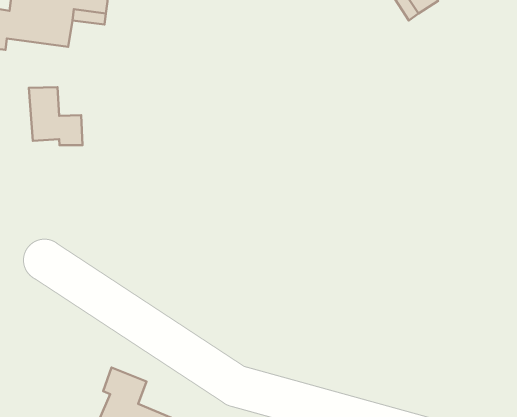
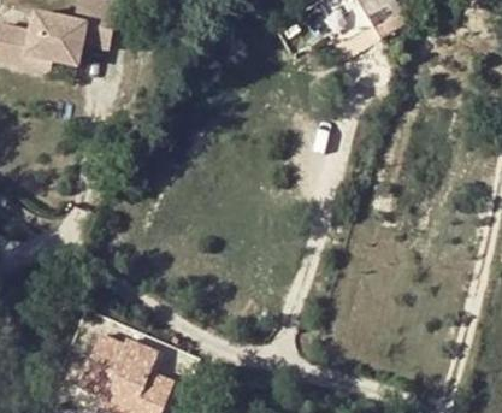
building: [29,87,82,145] -> none

